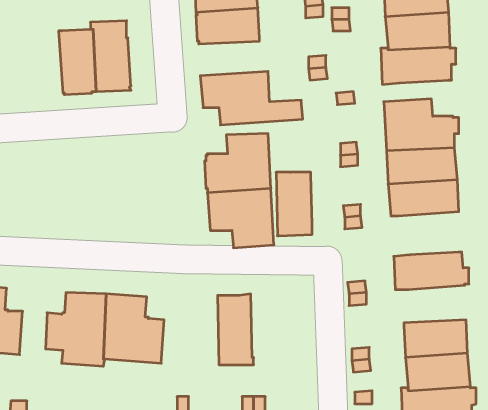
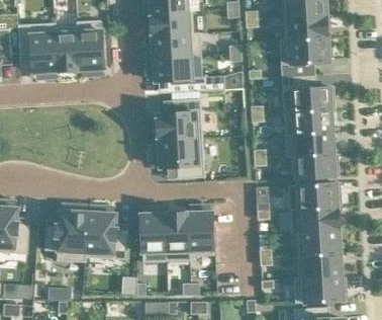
building: none -> [17,23,57,73]
building: none -> [152,32,200,59]
building: [276,172,312,236] -> [188,212,213,256]
building: none -> [291,154,339,179]
building: none -> [289,206,339,234]
building: none -> [140,213,166,262]

